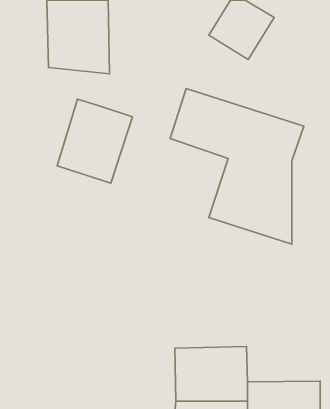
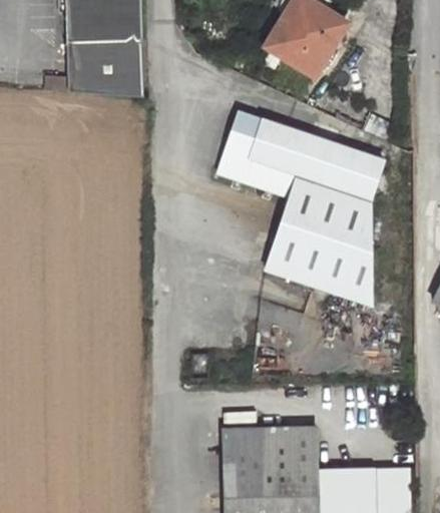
building: [57,99,133,183] -> none

